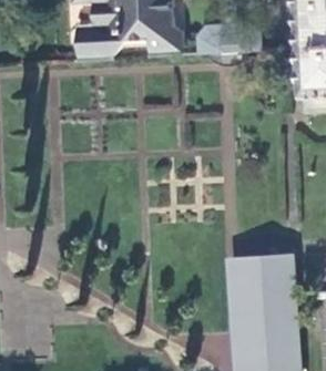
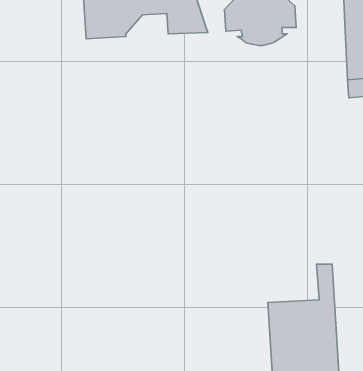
building: [235,254,282,287] -> none

